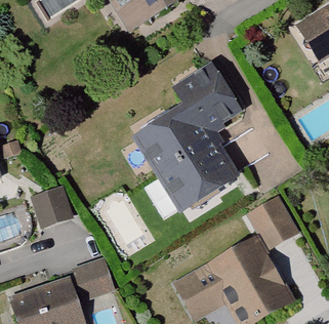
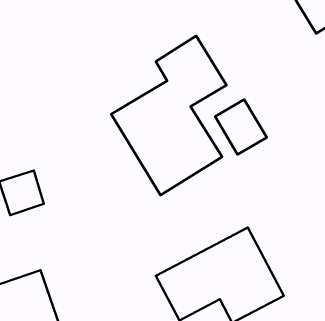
building: [250,196,297,246] -> [215,100,267,154]
building: [75,258,113,296] -> none

